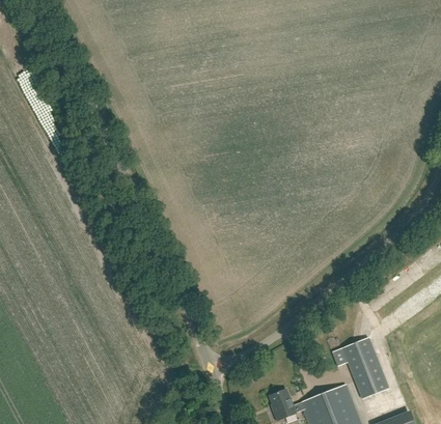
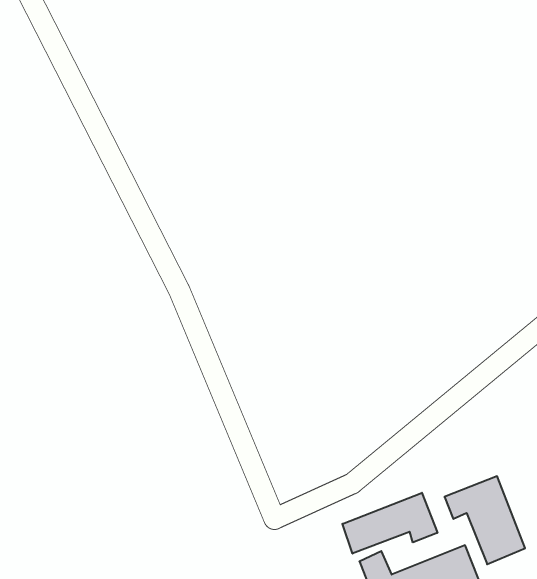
building: none -> [342,493,437,554]

